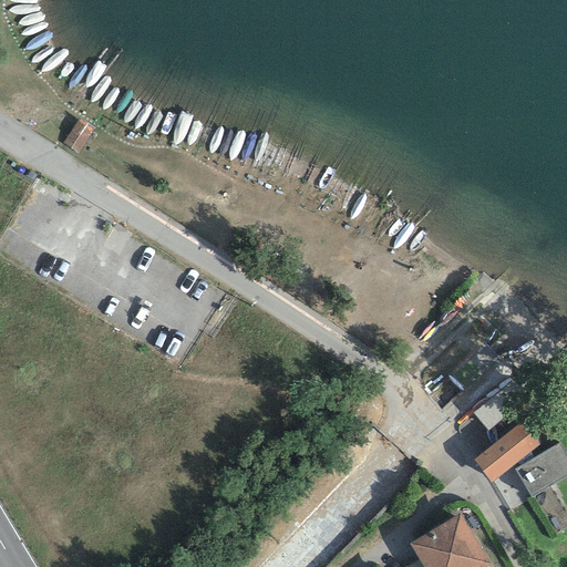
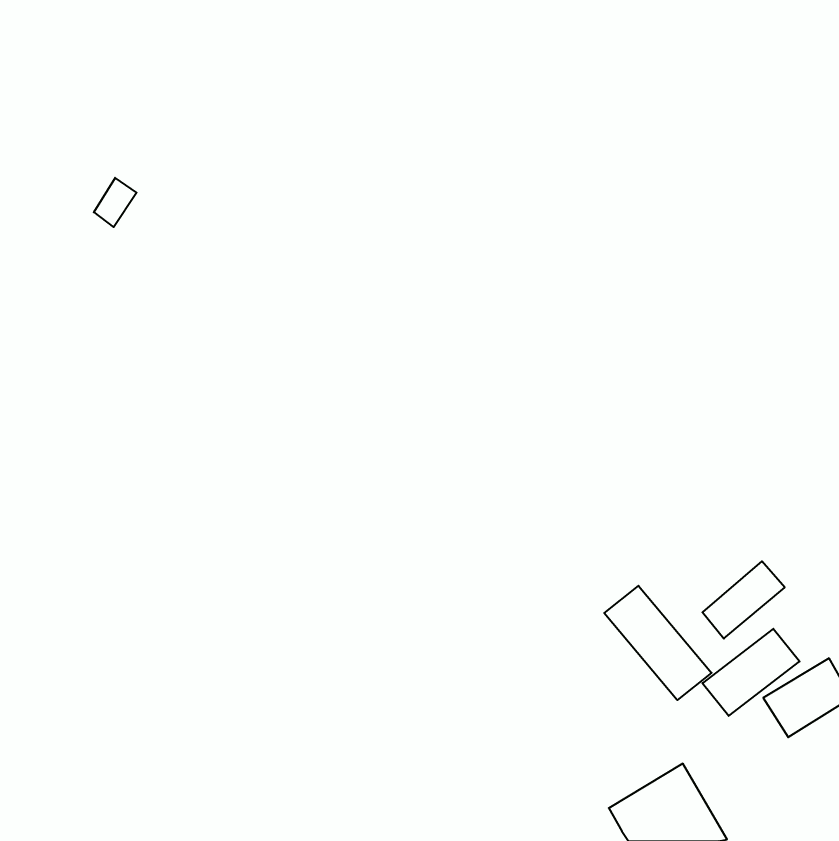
building: none -> [604,586,712,700]

